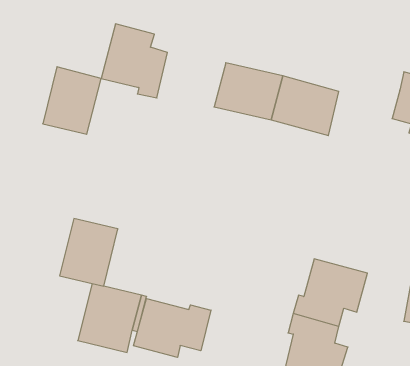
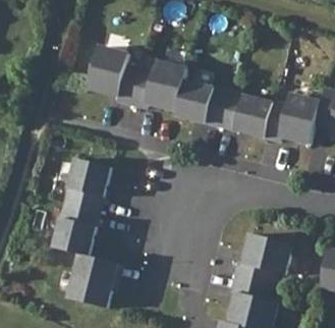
building: none -> [128,64,184,114]
building: [43,67,101,134] -> [63,157,109,210]
building: none -> [263,93,319,143]
building: [134,298,211,357] -> none

